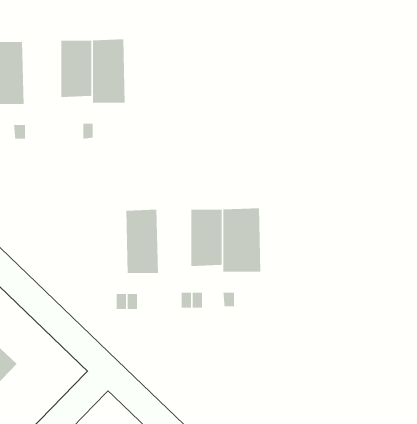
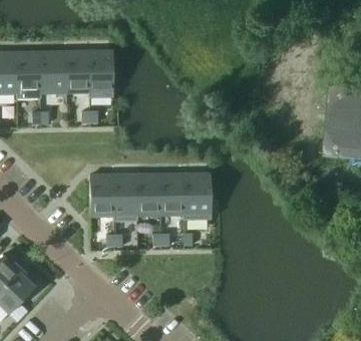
building: none -> [40,51,67,98]
building: none -> [137,174,161,221]
building: none -> [90,175,115,221]

